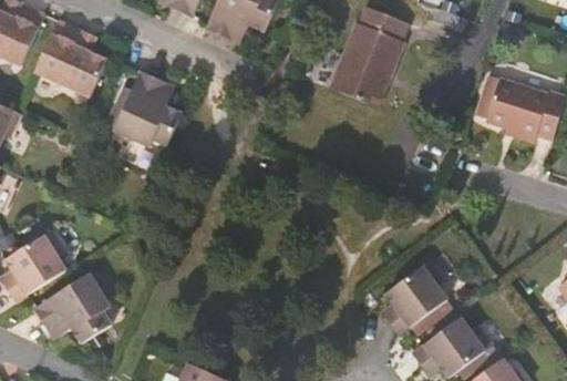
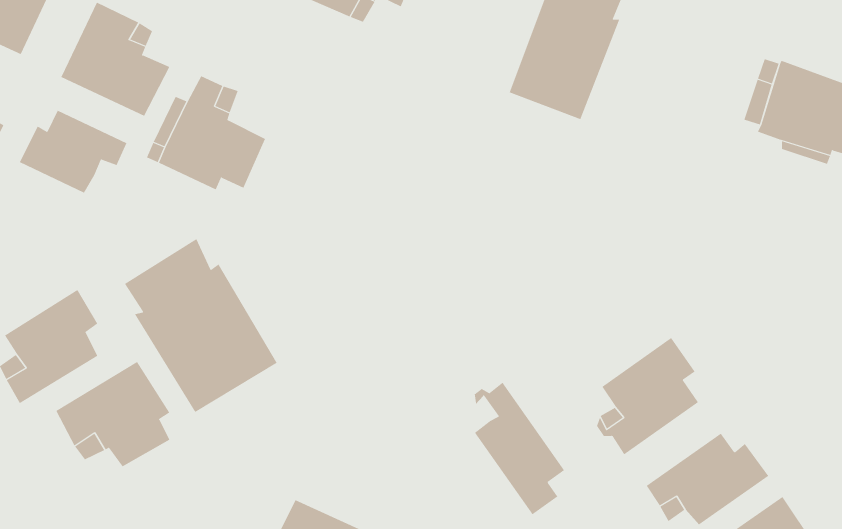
building: none -> [19,110,127,193]
building: none -> [124,238,278,413]
building: none -> [474,382,565,515]

